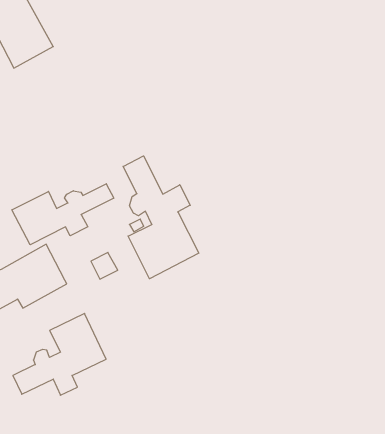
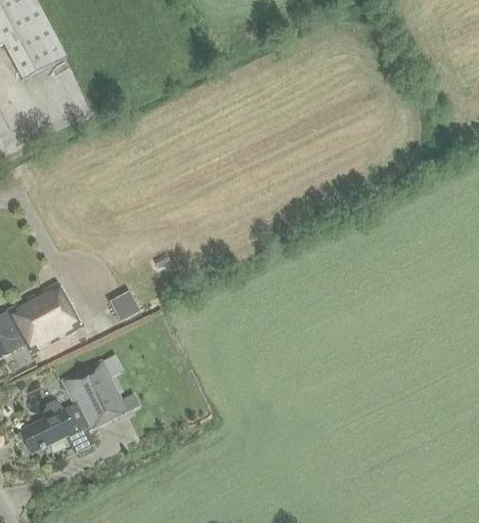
building: [123,156,199,279] -> none
building: [12,184,114,245] -> none

